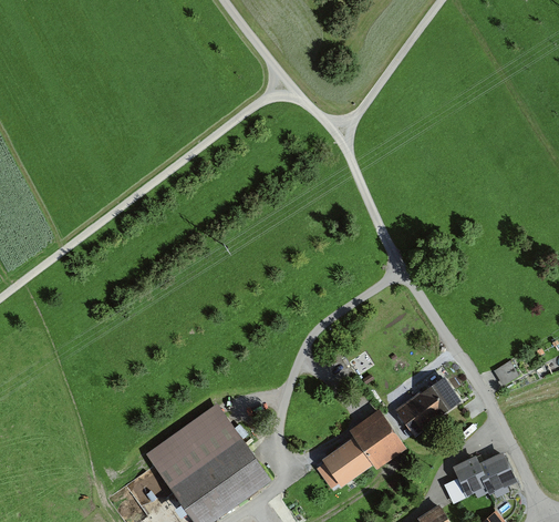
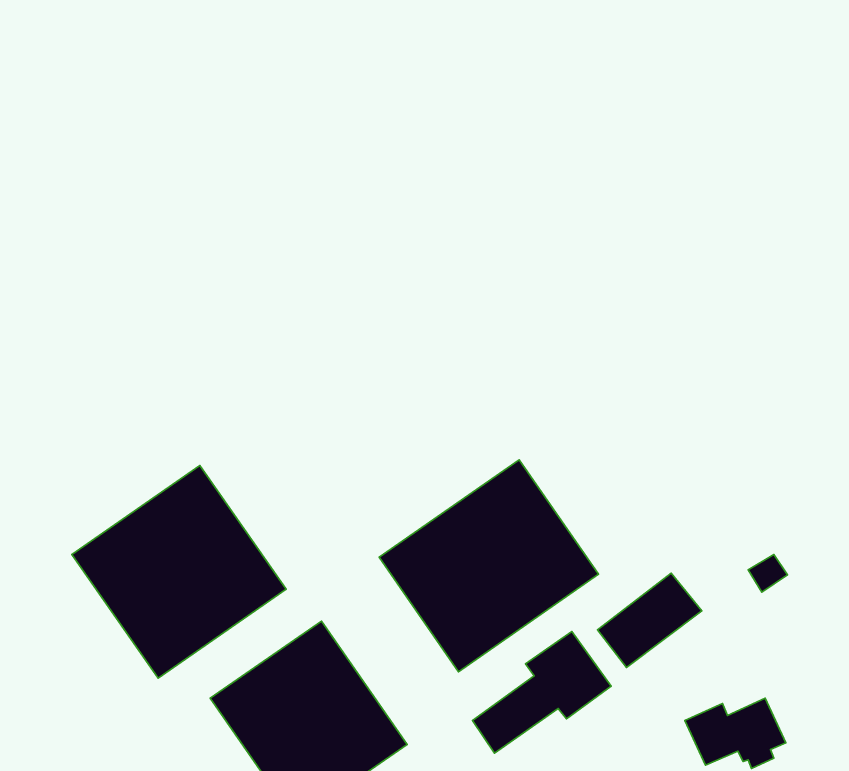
building: none -> [379,460,599,672]
building: none -> [72,465,286,678]

